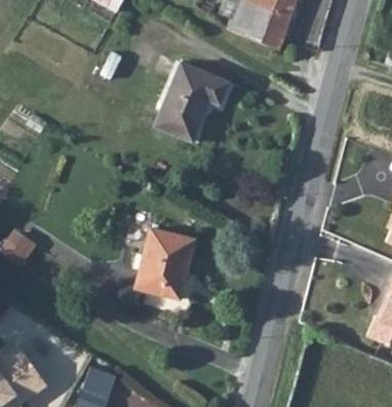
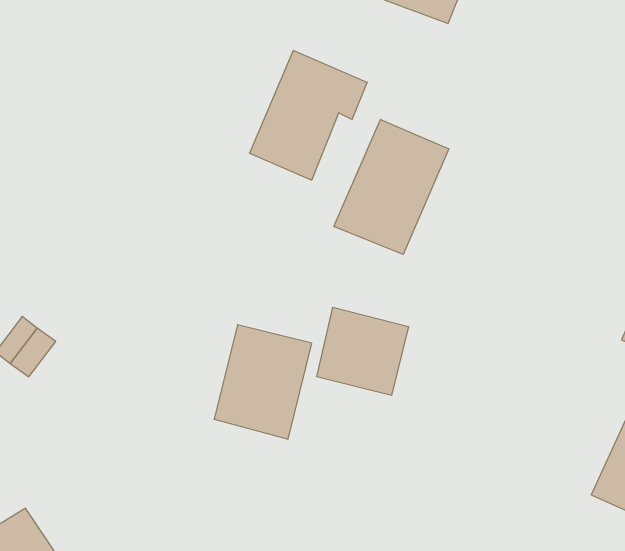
building: none -> [334,119,449,254]
building: none -> [317,307,409,395]

